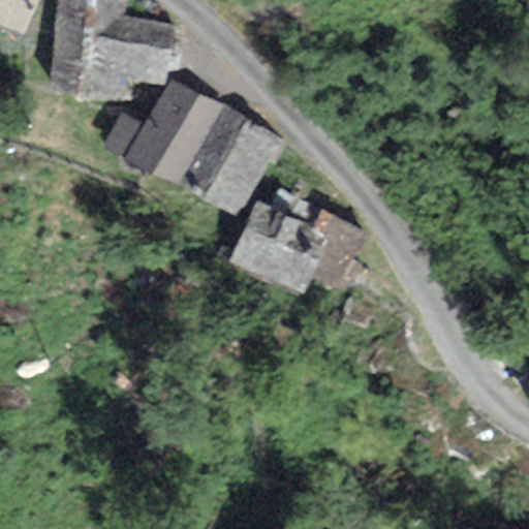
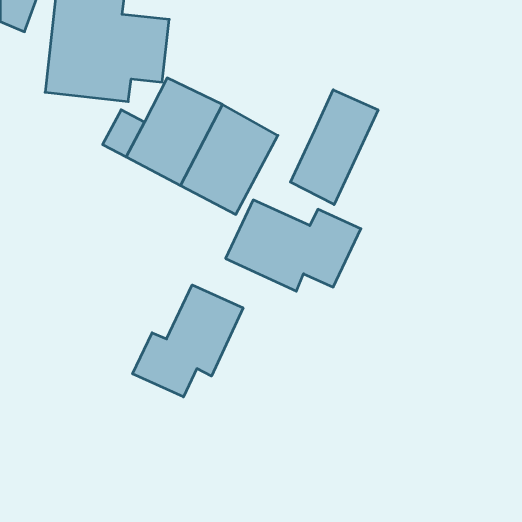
building: none -> [290,90,378,205]
building: none -> [133,285,243,397]

